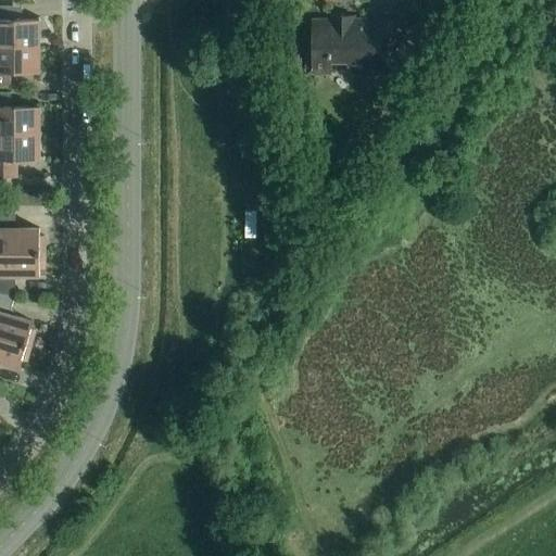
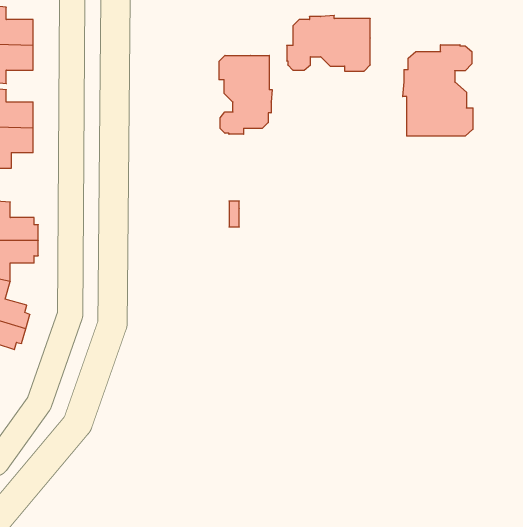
building: none -> [403,45,473,136]
building: none -> [219,55,272,134]

